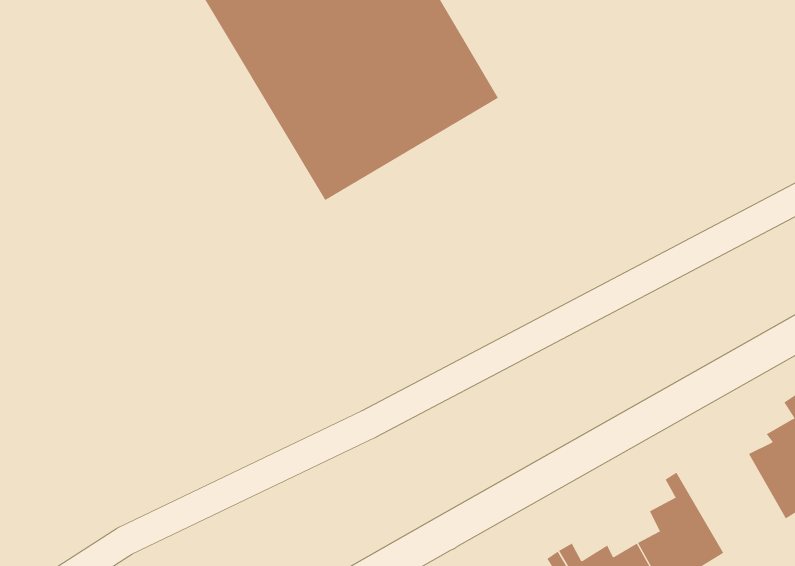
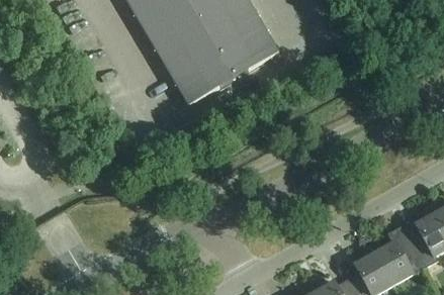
building: none -> [369,234,425,285]

